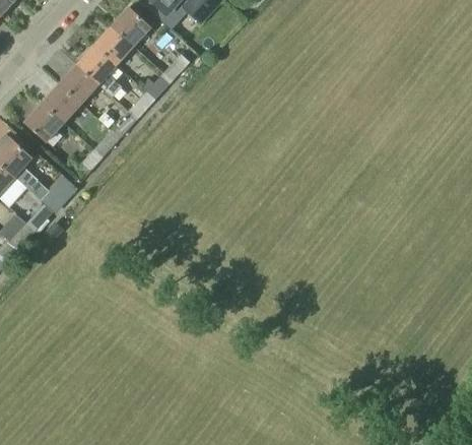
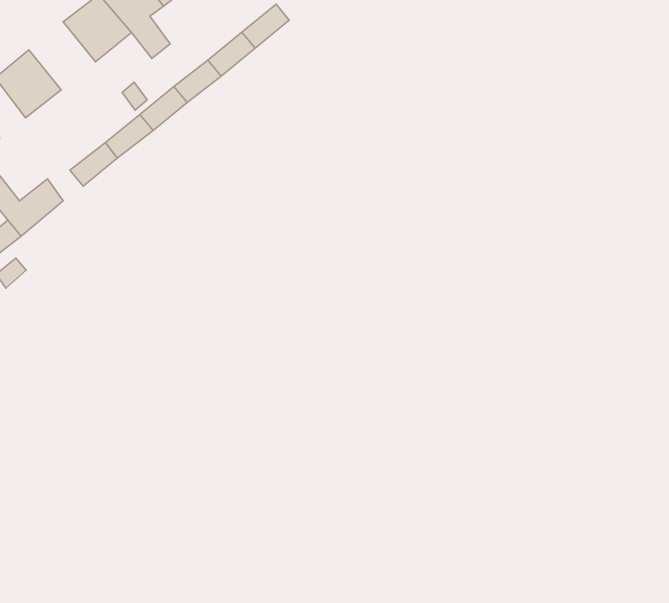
building: [41,84,80,124] -> none

